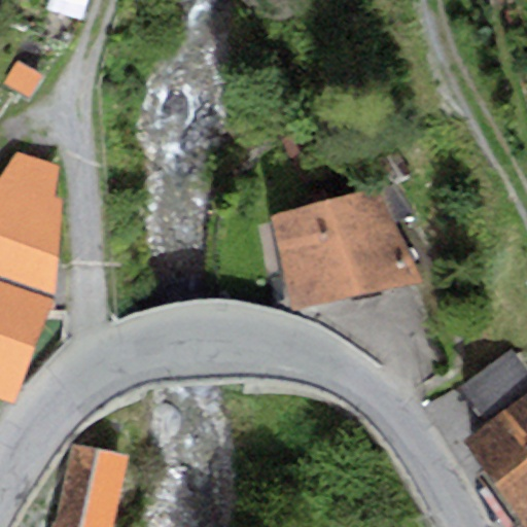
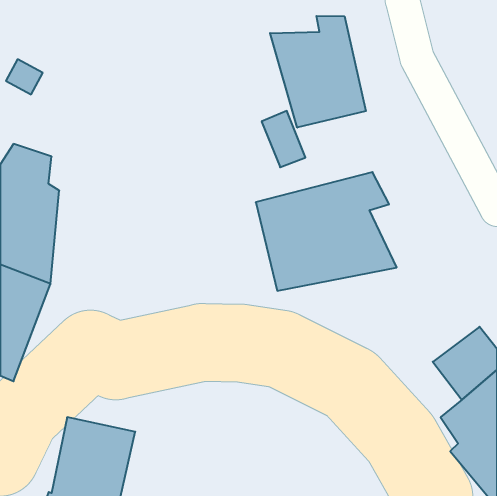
building: none -> [270,16,366,128]

